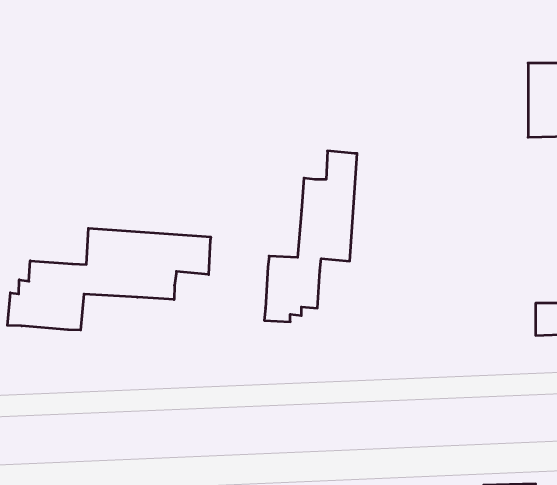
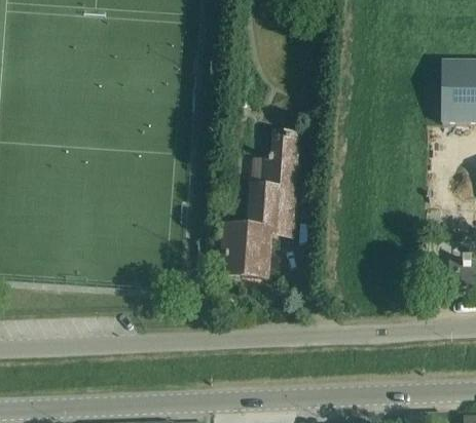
building: [7,228,211,330] -> none

